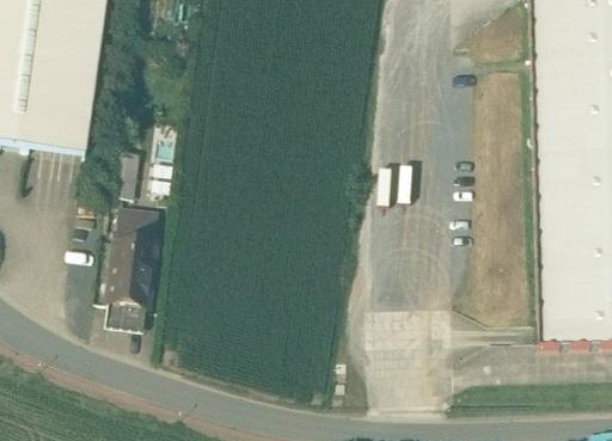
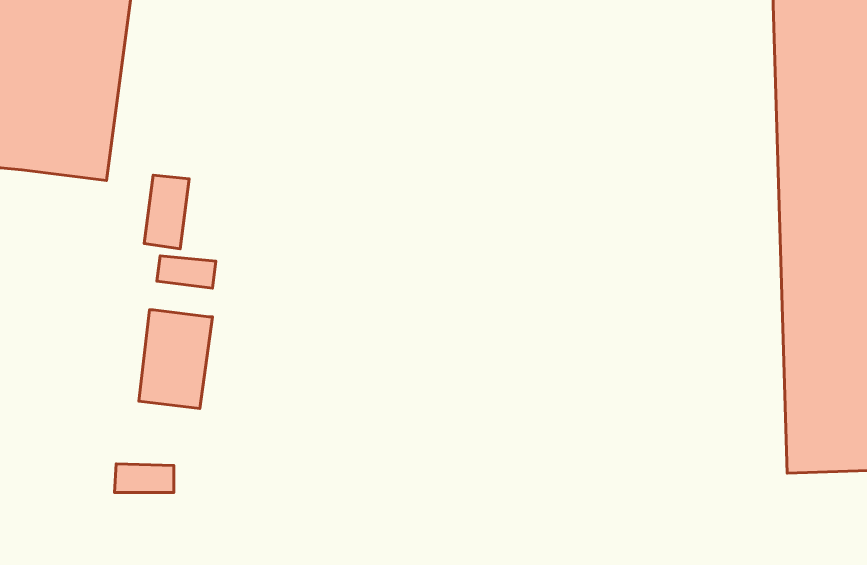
building: [117,218,157,241] -> none
building: [116,302,155,321] -> [114,464,174,492]

